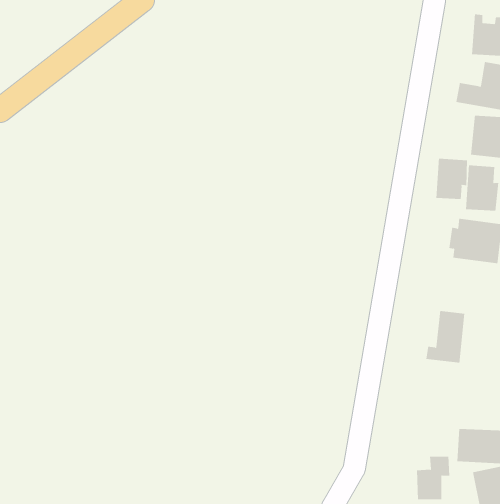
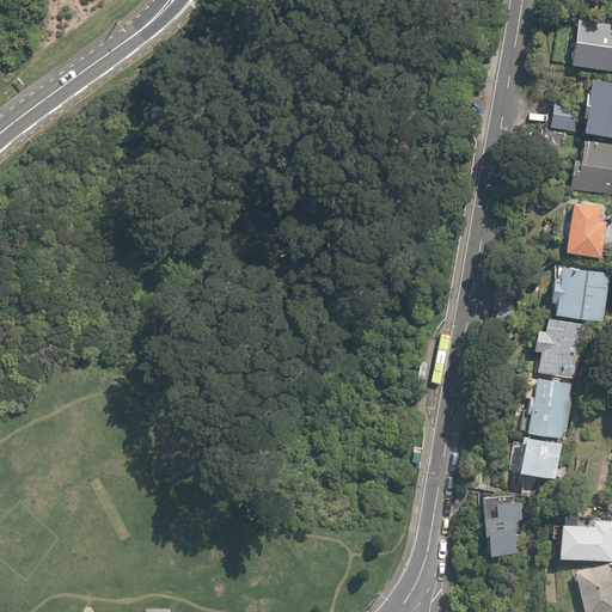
building: [436,158,468,200] -> none
building: none -> [534,317,583,378]
building: none -> [518,436,563,479]
building: [416,456,450,500] -> [484,502,525,555]

